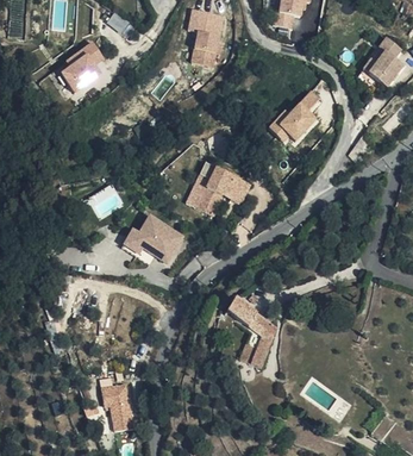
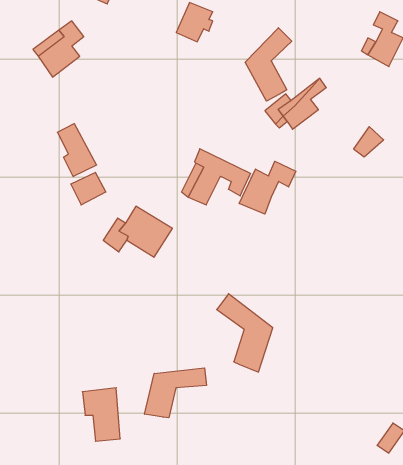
building: none -> [245,28,292,101]
building: none -> [57,124,97,177]
building: none -> [239,161,296,214]
building: none -> [145,368,206,418]

